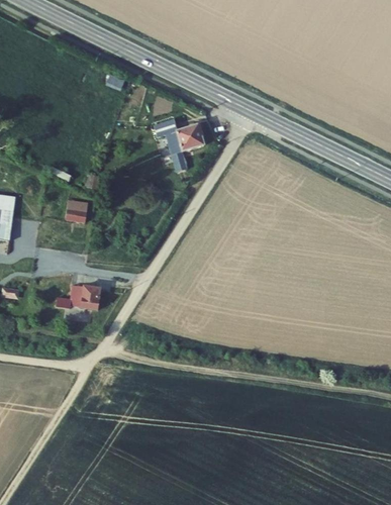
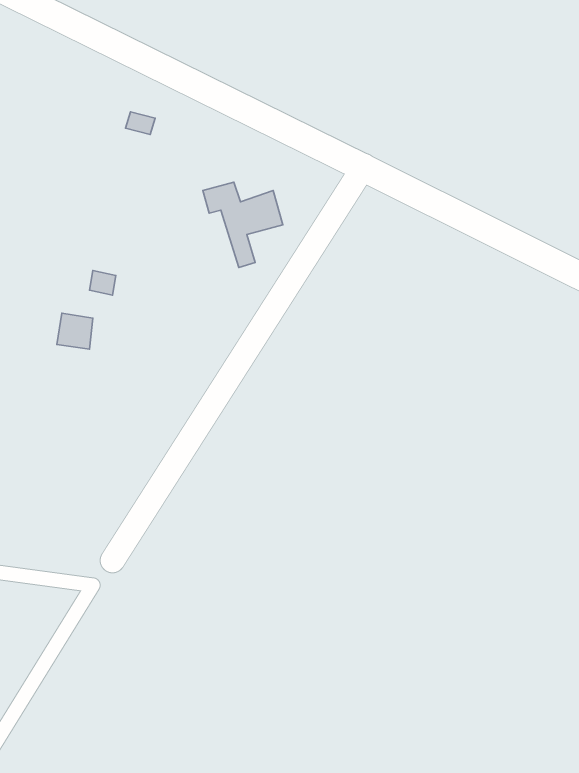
building: [56,284,100,308] -> none

